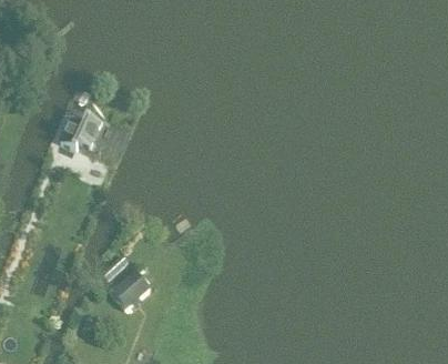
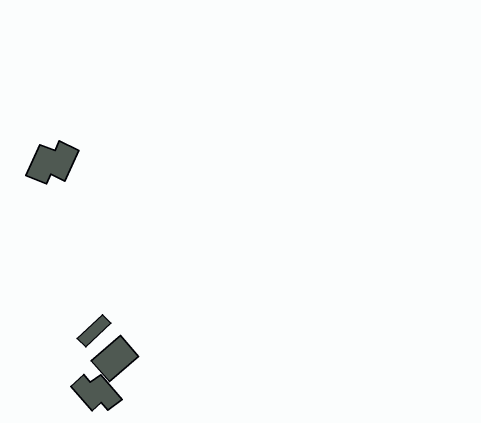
building: none -> [71,374,122,411]

